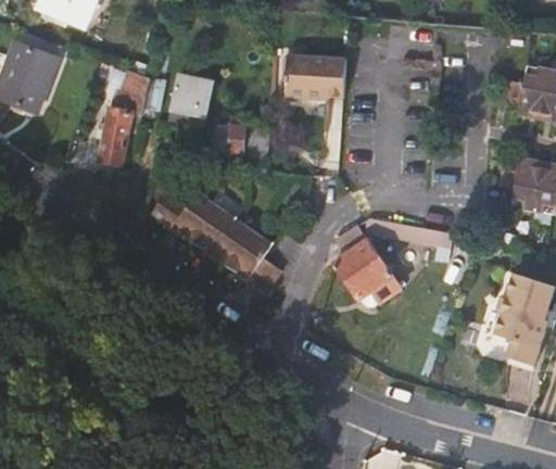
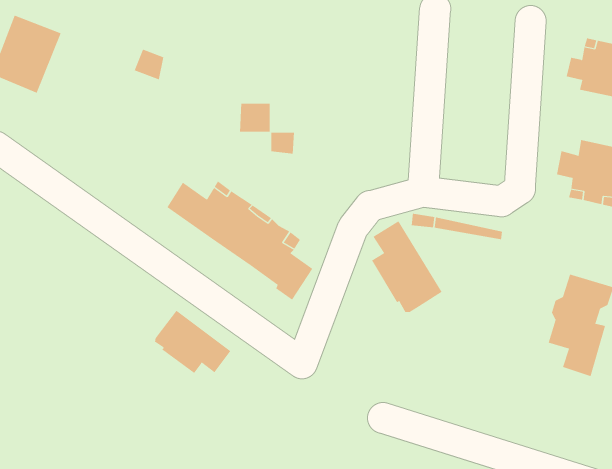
building: [288,56,344,99] -> none
building: [168,73,208,121] -> none
building: [100,110,130,165] -> none
building: none -> [154,310,231,374]

